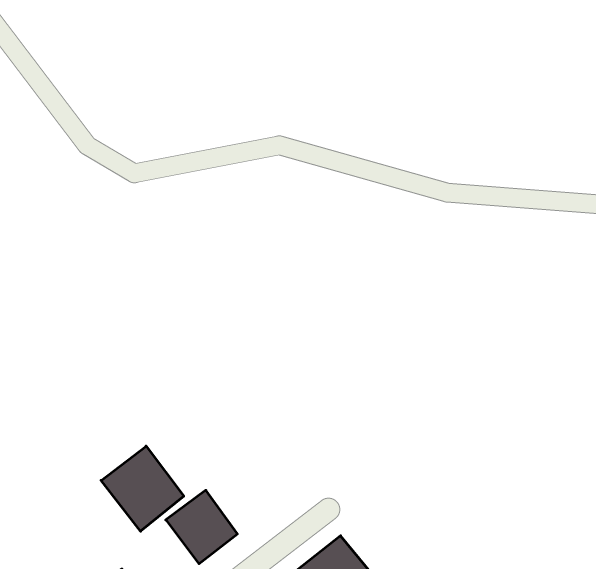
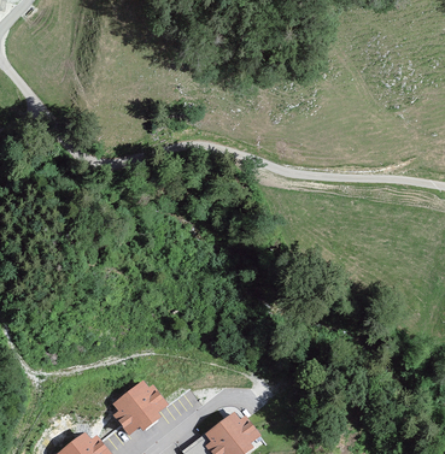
building: [101,446,184,531] -> none

